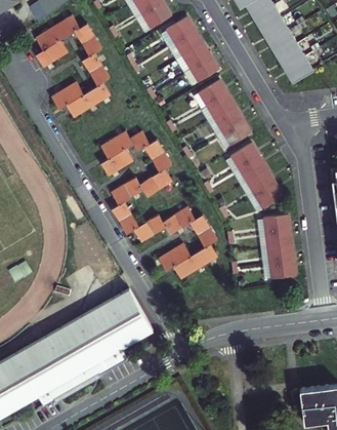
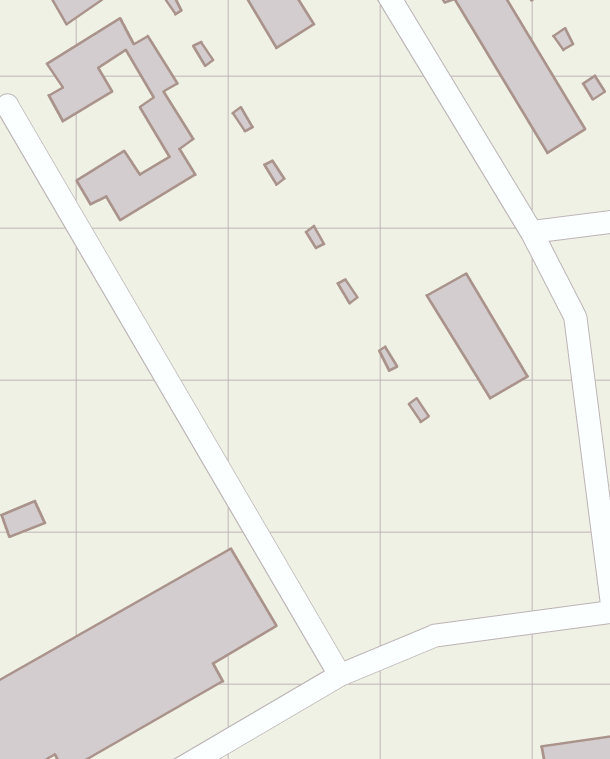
building: [168,17,218,81] -> none
building: [199,81,250,146] -> none
building: [99,132,218,281] -> none
building: [266,216,297,276] -> none

